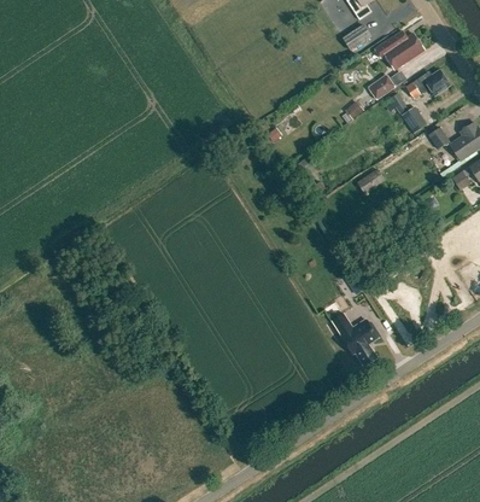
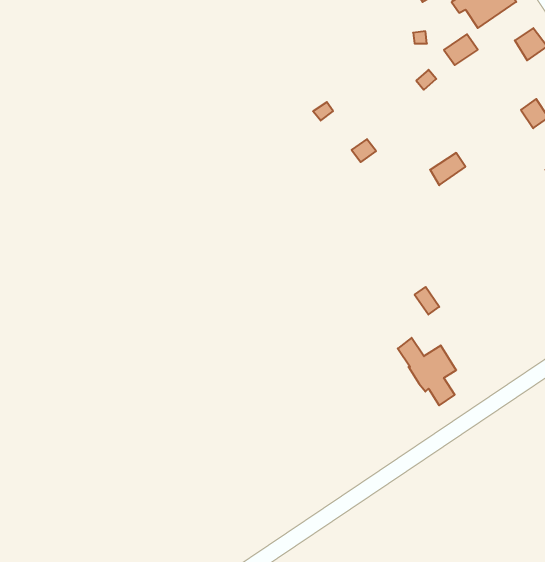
building: [391,92,428,132] -> none

